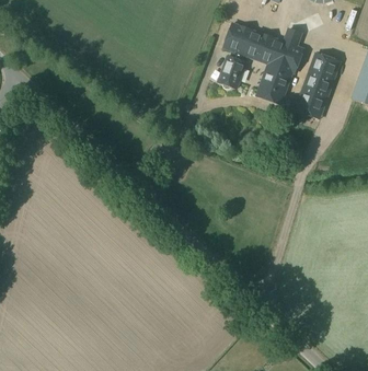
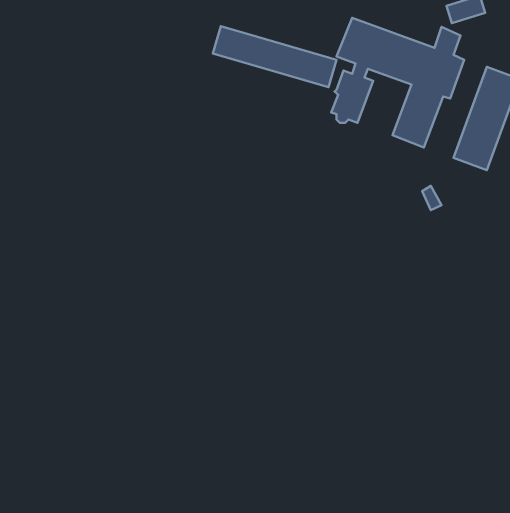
building: none -> [213,26,336,87]

